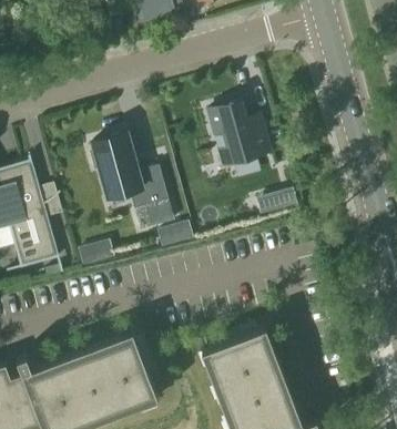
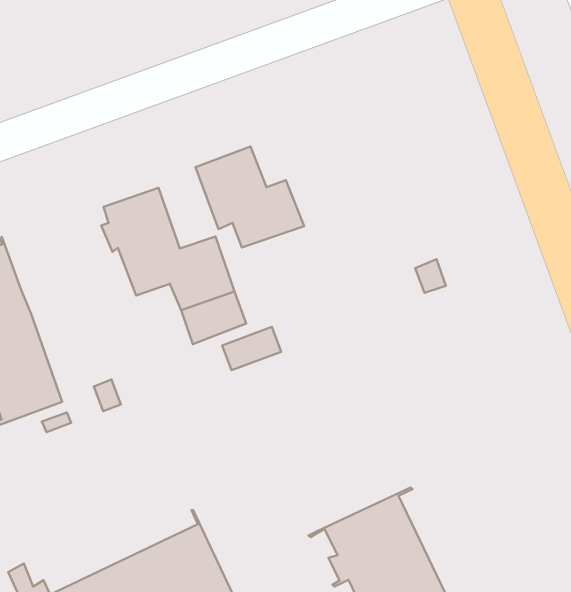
building: [206,101,269,162] -> [195,146,304,248]

